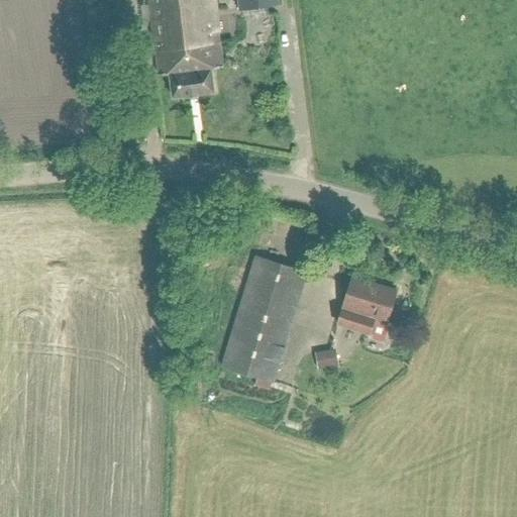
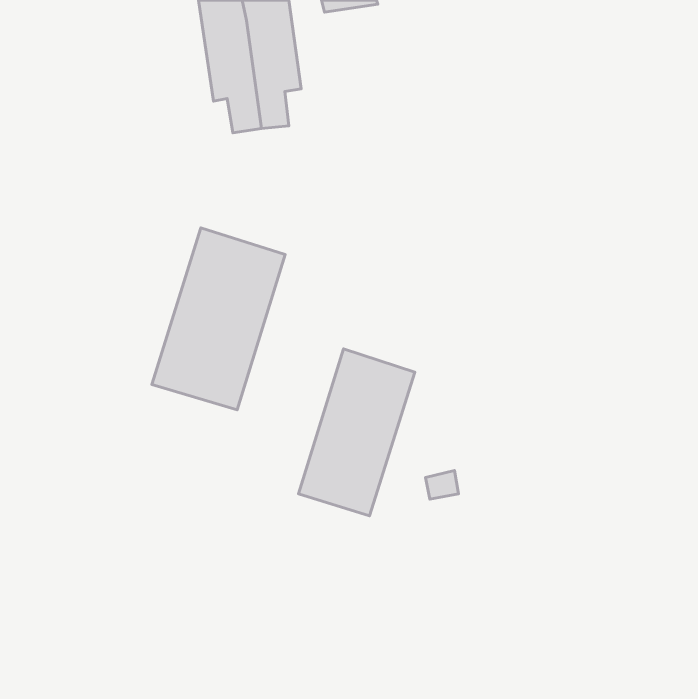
building: none -> [152,228,285,410]
building: [338,277,396,340] -> none

